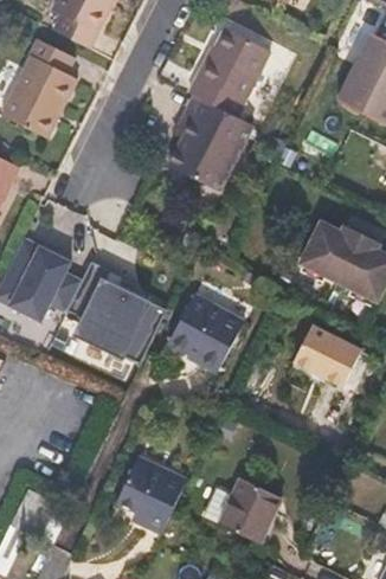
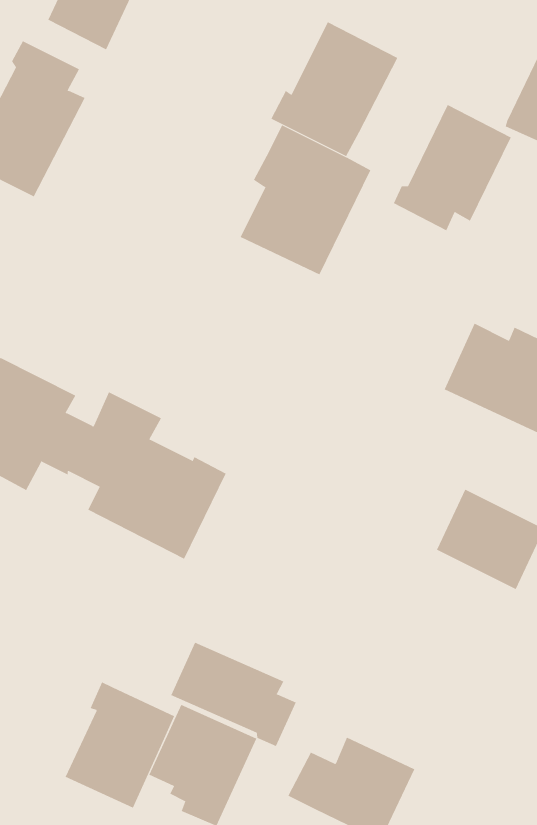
building: none -> [393,104,512,231]
building: [168,292,245,372] -> none
building: none -> [170,642,297,747]
building: none -> [65,682,175,808]

